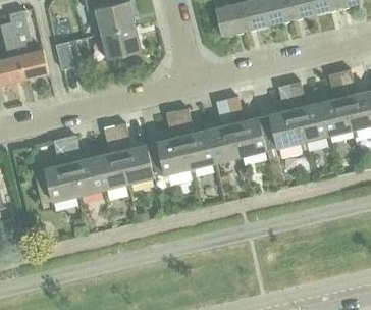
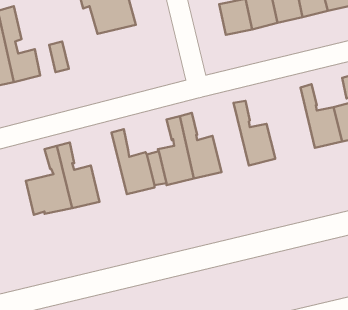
building: [100,28,142,60] -> none
building: [257,86,302,151] -> none
building: [207,100,241,164] -> none
building: [94,127,127,192] -> none

